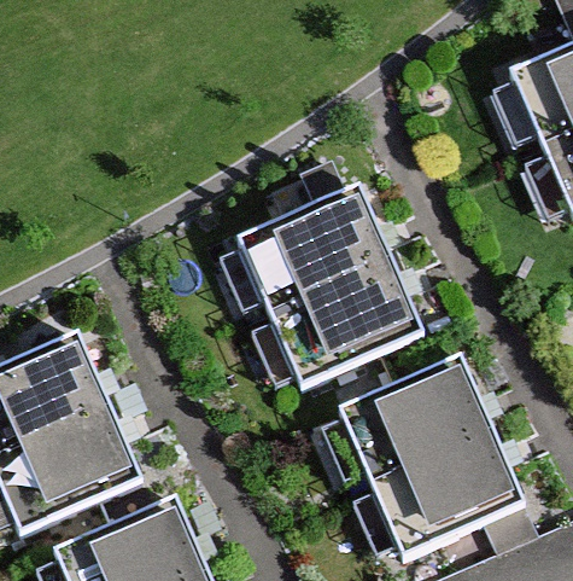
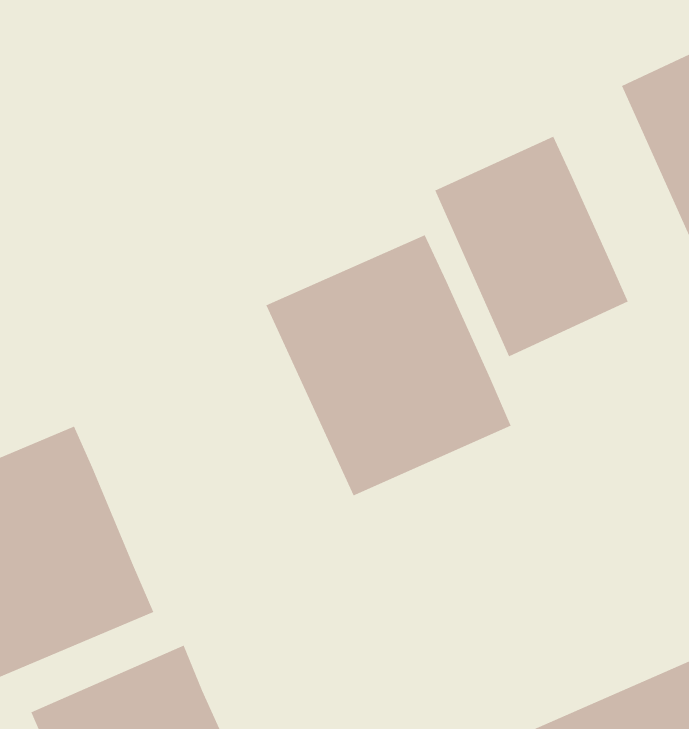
building: none -> [435,136,628,357]
building: [333,358,524,558] -> none

